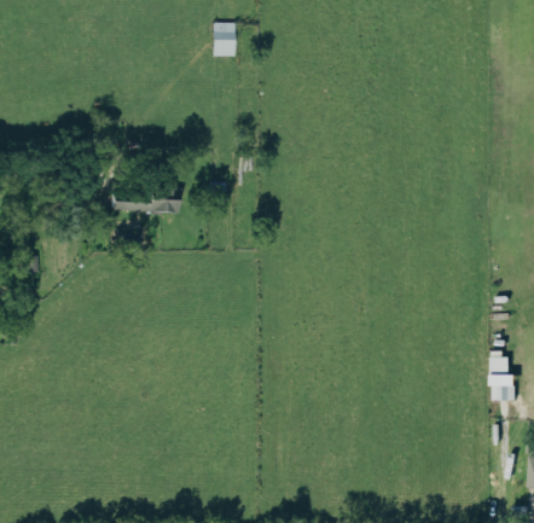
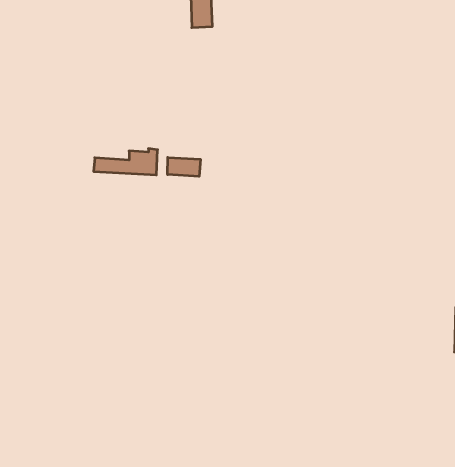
building: none -> [168,157,200,176]

